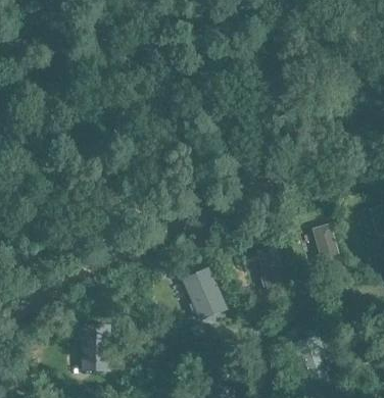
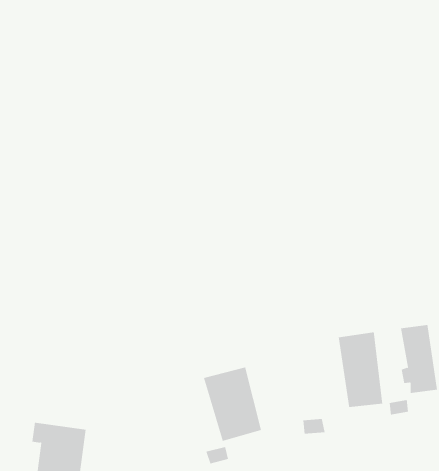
building: none -> [338,332,383,408]

